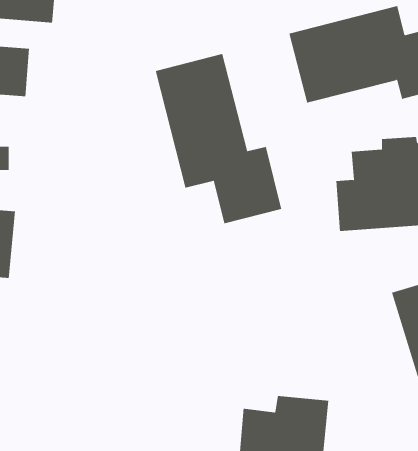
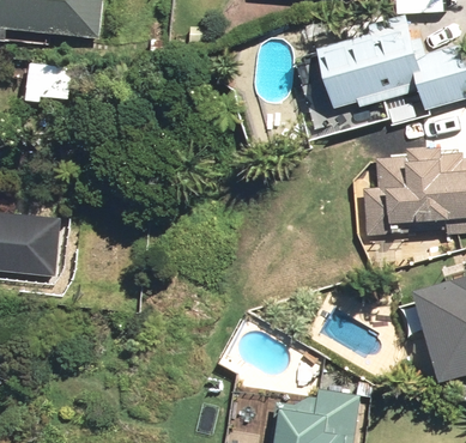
building: [155,53,282,224] -> none

